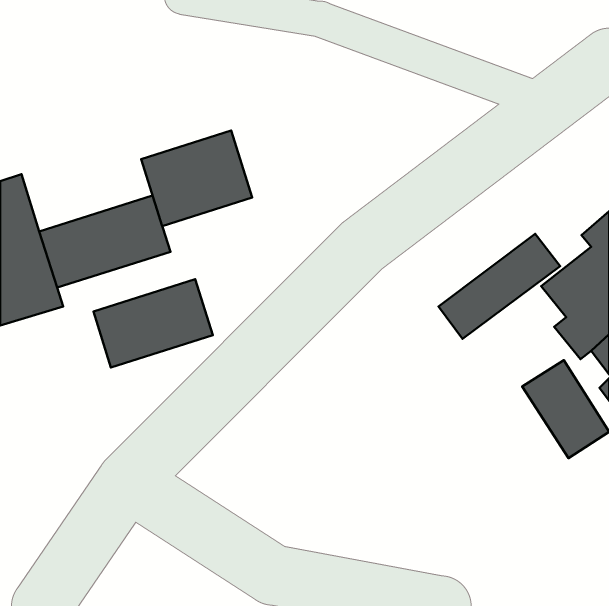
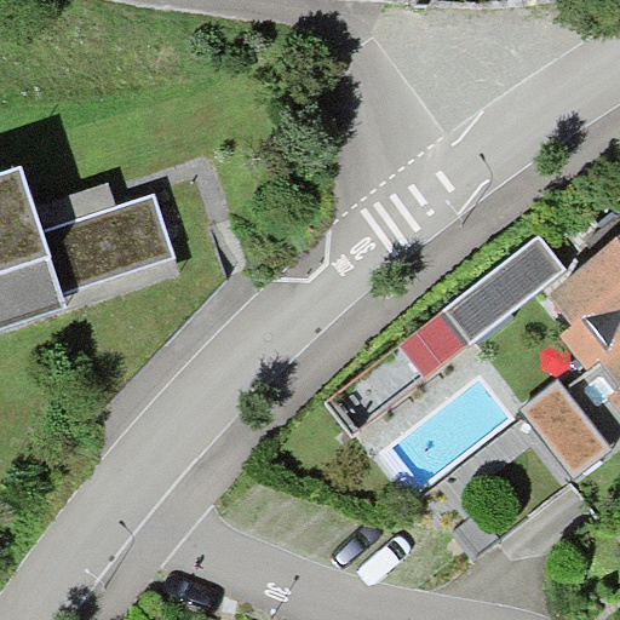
building: [141,131,252,226] -> none
building: [93,279,213,367] -> none

